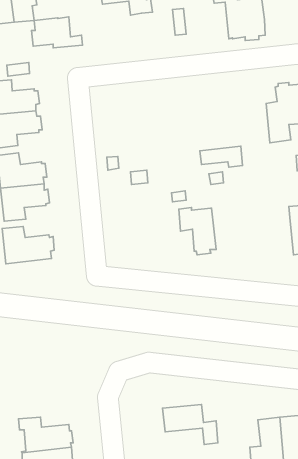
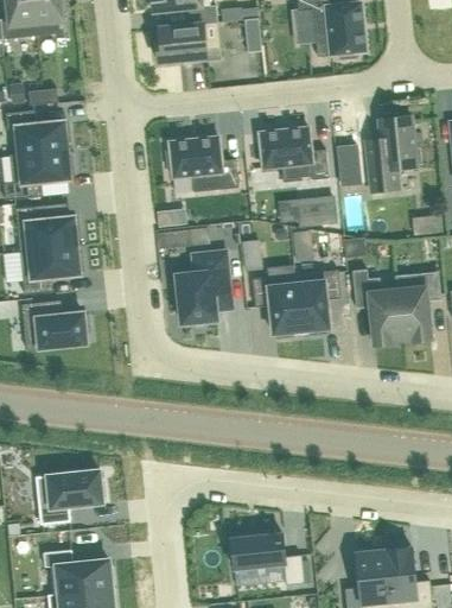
building: [31,17,82,48] -> [155,24,222,64]
building: none -> [260,127,329,179]
building: none -> [166,137,240,192]
building: none -> [337,145,361,185]
building: none -> [176,252,233,323]
building: none -> [294,270,342,335]
building: none -> [352,270,402,346]
building: none -> [36,470,106,525]

